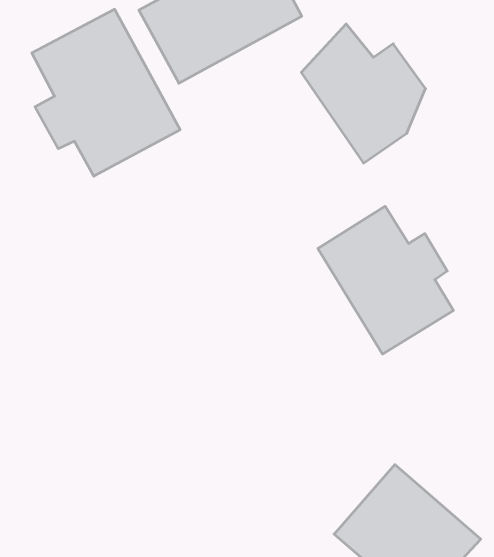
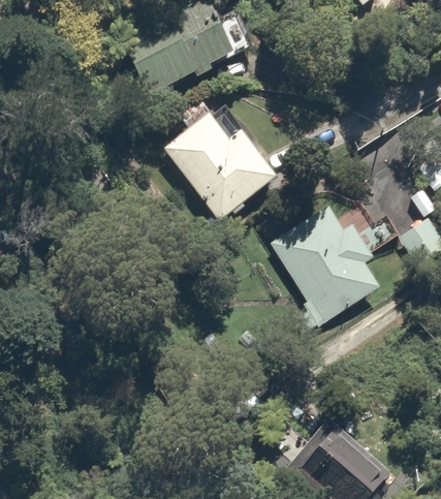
building: [32,9,180,176] -> none
building: [301,24,426,163] -> [168,111,272,226]

